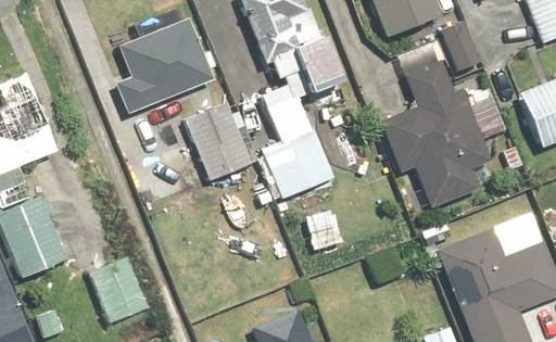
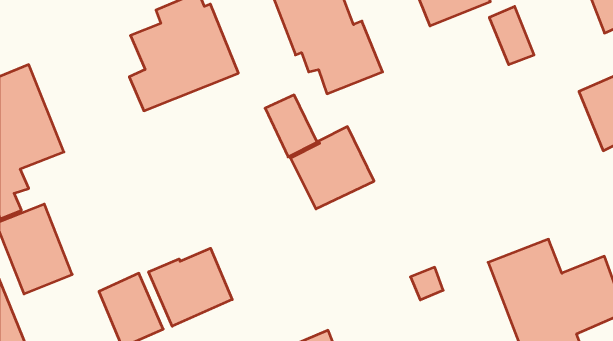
building: [382,60,509,207] -> none
building: [184,101,252,181] -> none
building: none -> [149,248,232,326]

